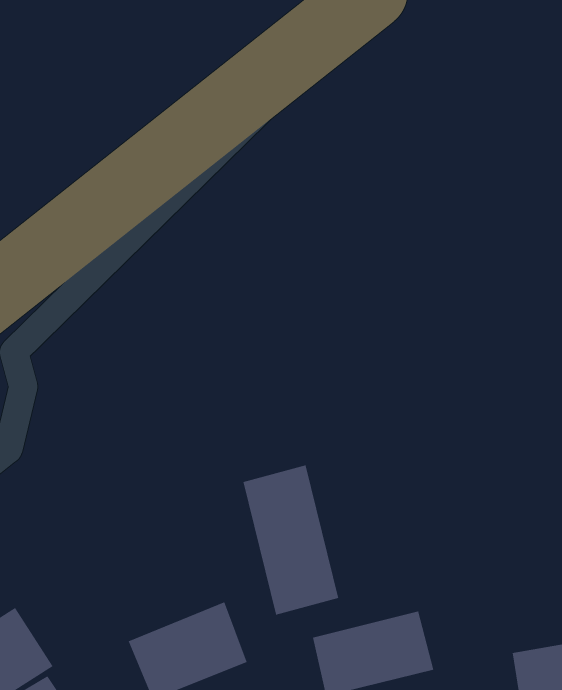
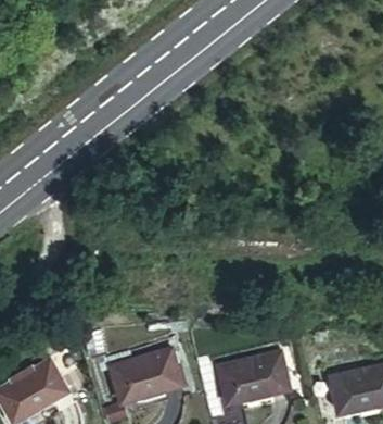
building: [243,464,339,616] -> none

